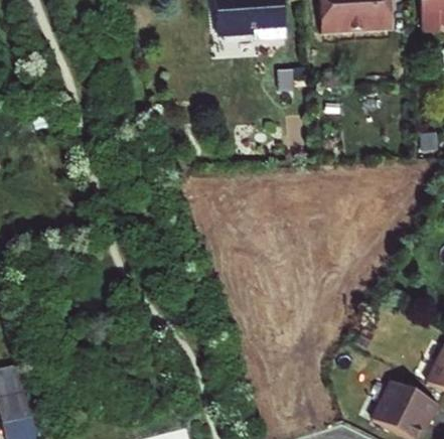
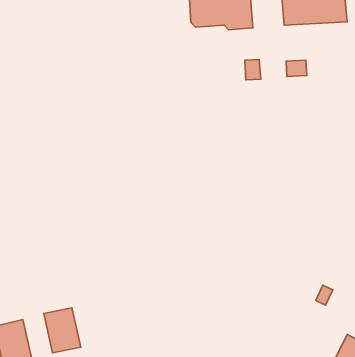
building: none -> [44,308,81,353]

